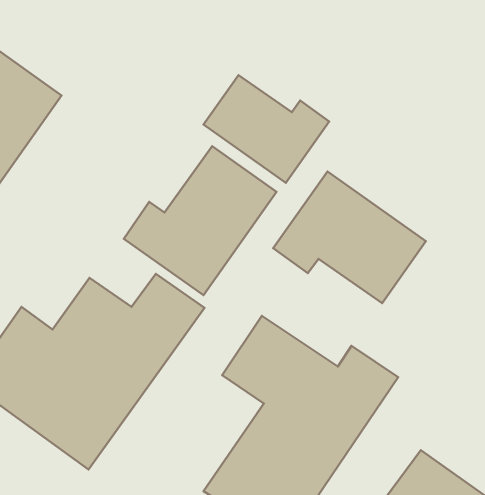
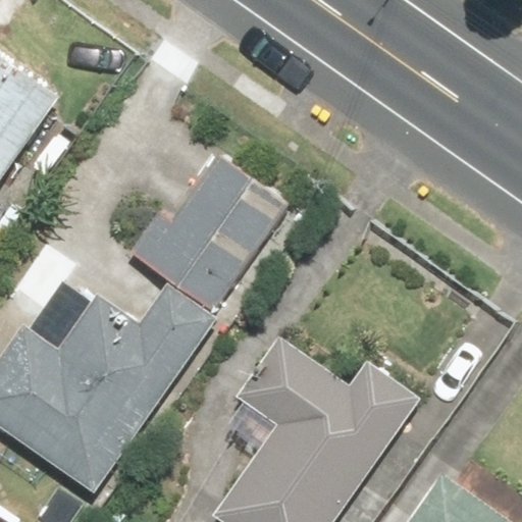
building: [204,75,329,183] -> none
building: [273,172,426,303] -> none

